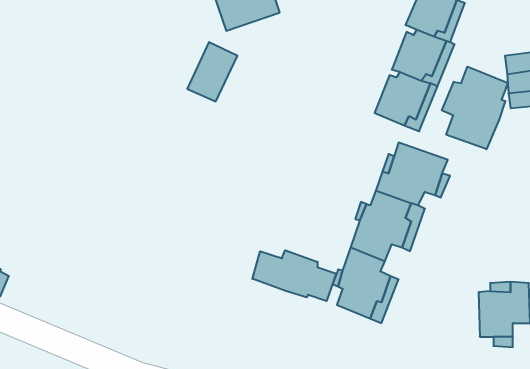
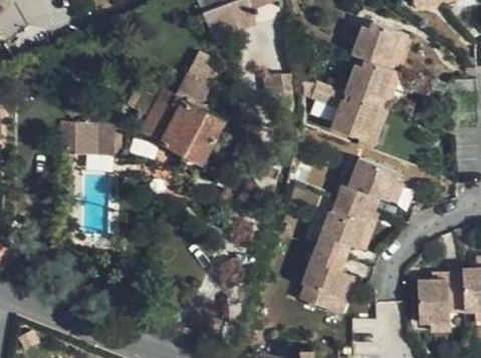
building: [442,67,508,149] -> none
building: none -> [138,91,220,165]
building: none -> [58,123,110,157]
building: [252,250,336,301] -> none

